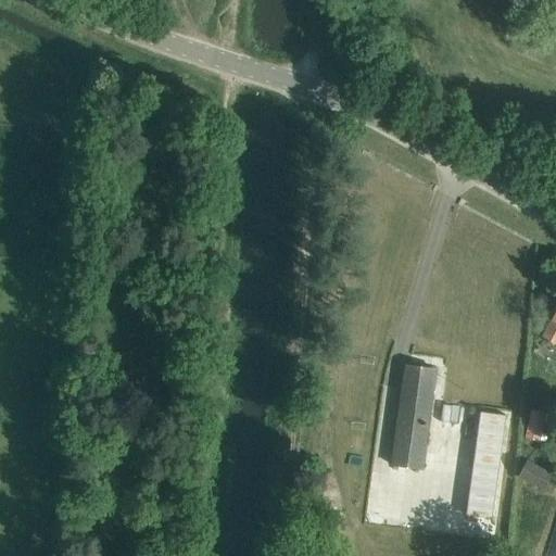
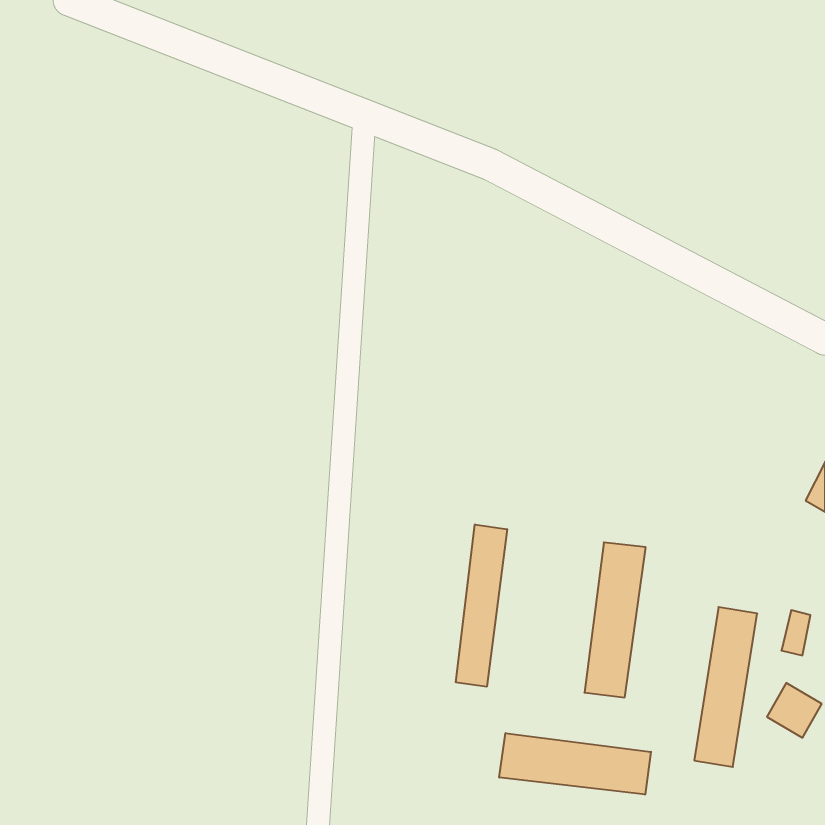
building: none -> [456,524,507,687]
building: none -> [499,733,651,795]

